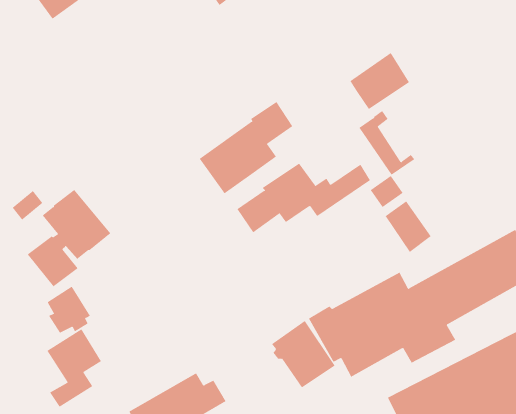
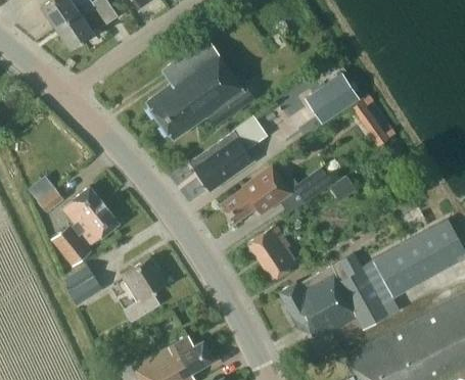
building: none -> [145,41,255,139]
building: [359,110,415,175] -> [351,94,397,147]
building: [385,200,432,253] -> none
building: [271,320,335,388] -> [247,225,299,280]
building: [47,328,102,407] -> [122,257,167,322]

